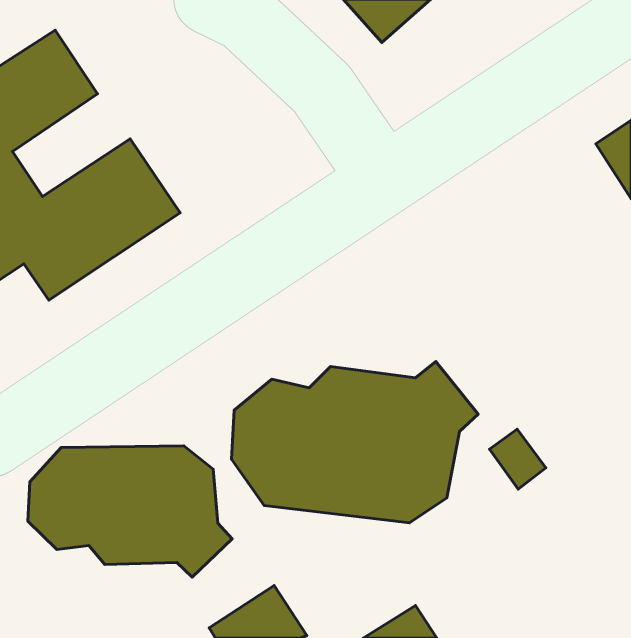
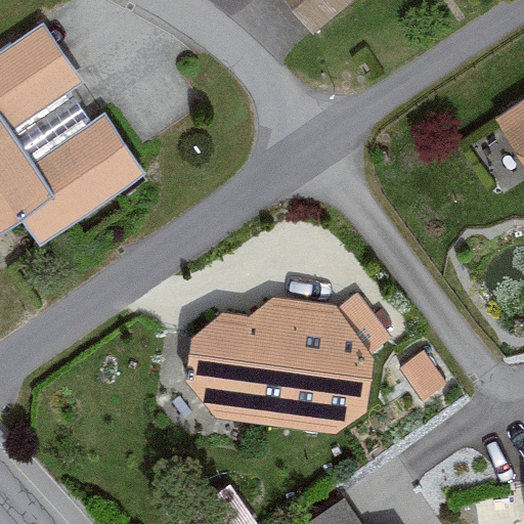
building: [28,446,232,577] -> none

